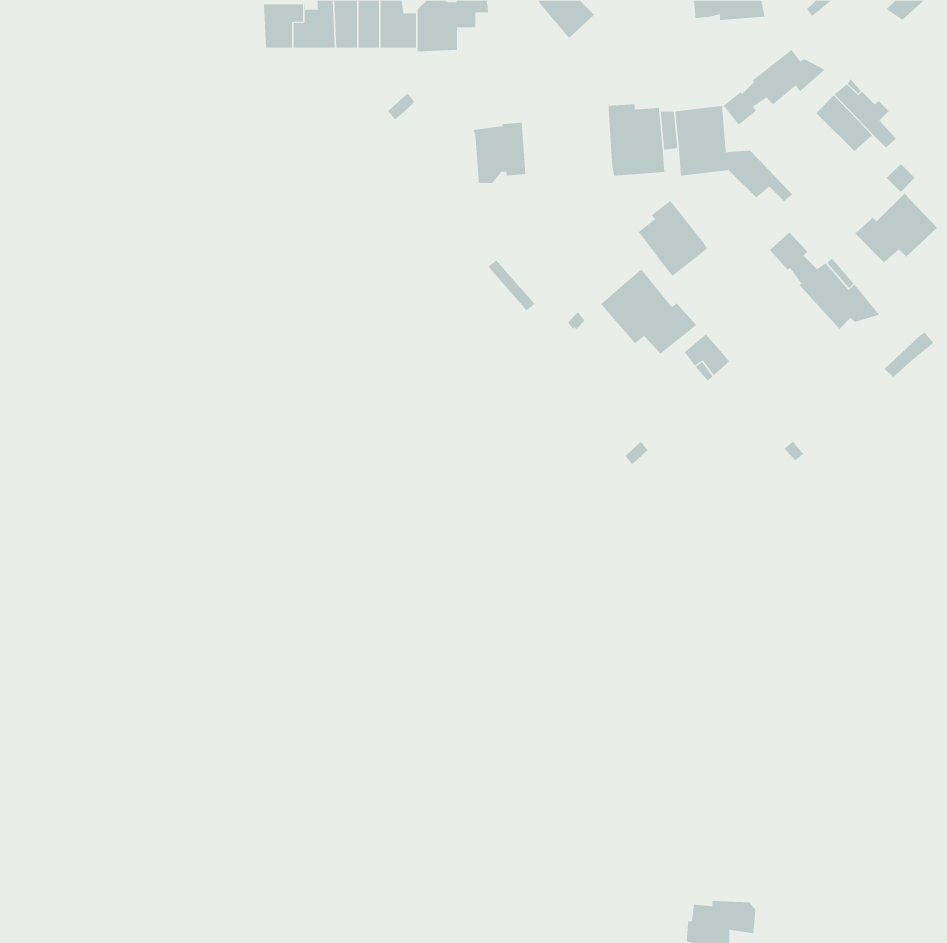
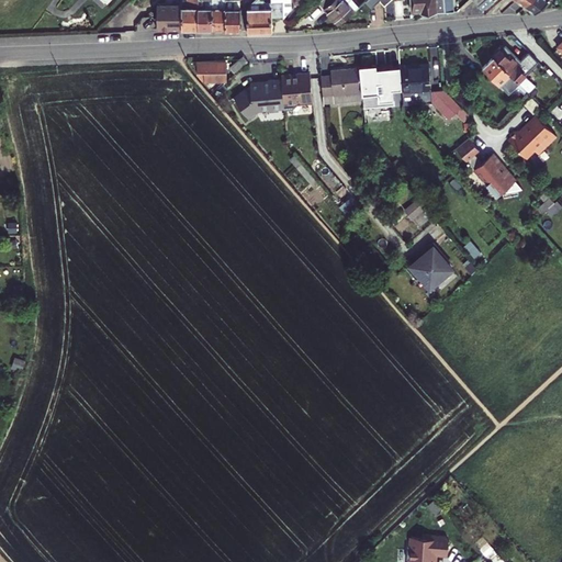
building: [723,49,826,126] -> none
building: none -> [195,64,226,82]
building: none -> [321,67,362,104]
building: none -> [232,82,283,122]
building: [638,200,708,277] -> none
building: [600,269,697,355] -> none
building: none -> [406,243,449,289]

